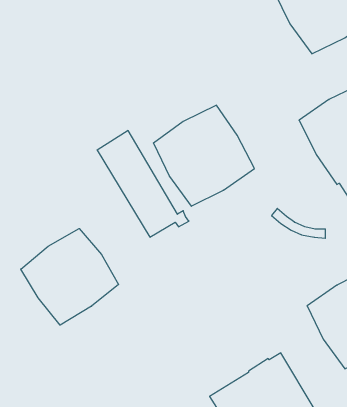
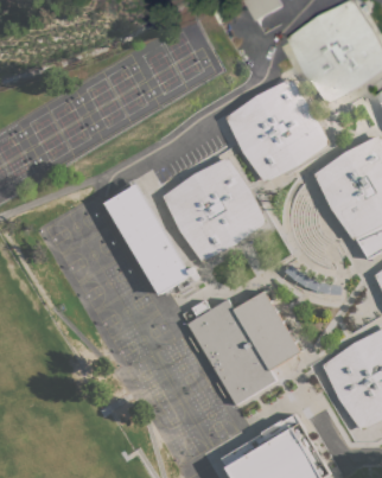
building: none -> [224,78,329,183]
building: [21,229,119,325] -> none
building: none -> [186,292,300,404]

